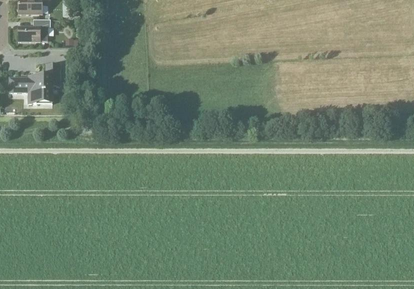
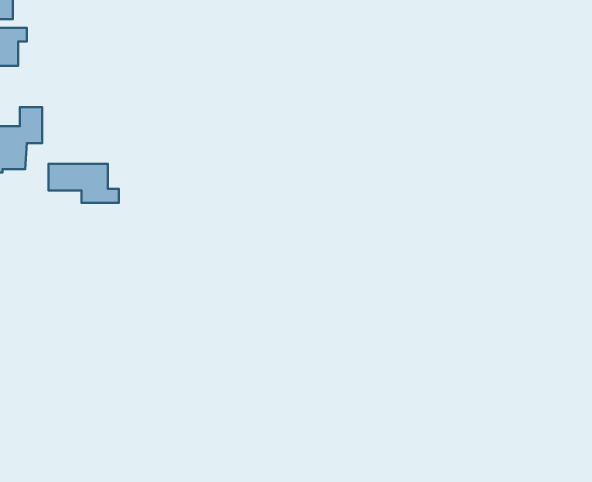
building: none -> [49,164,119,203]

